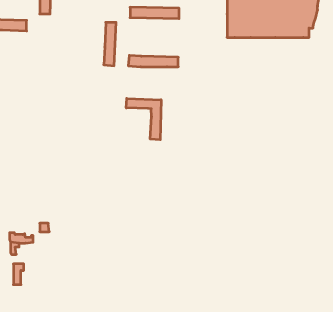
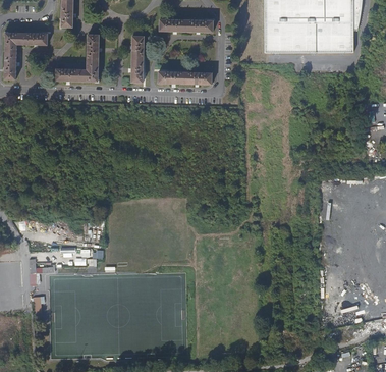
building: none -> [55,34,99,81]
building: [126,98,161,140] -> none

